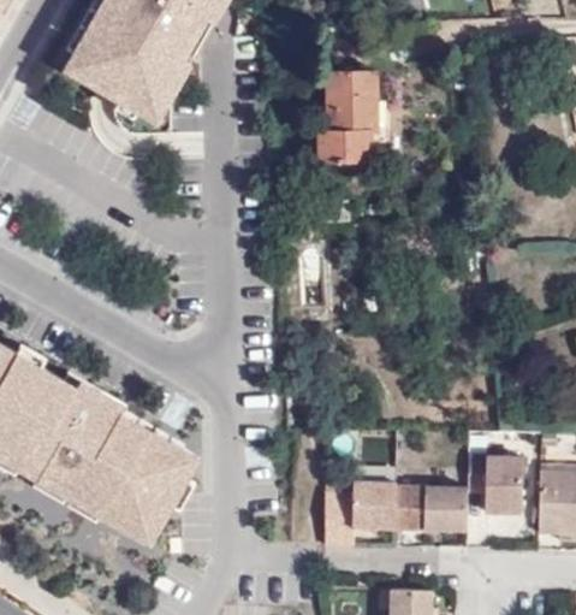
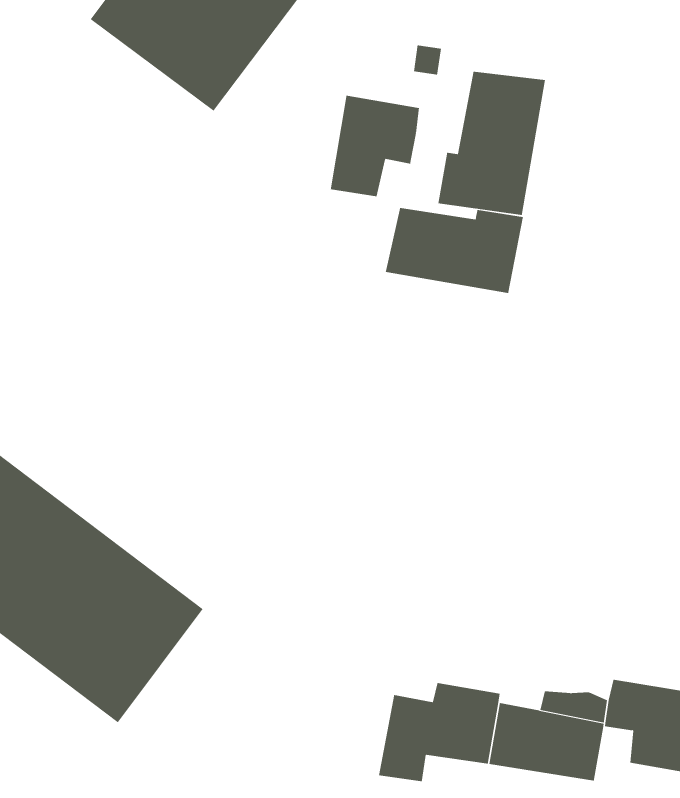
building: none -> [330,95,420,197]
building: none -> [385,207,524,294]

